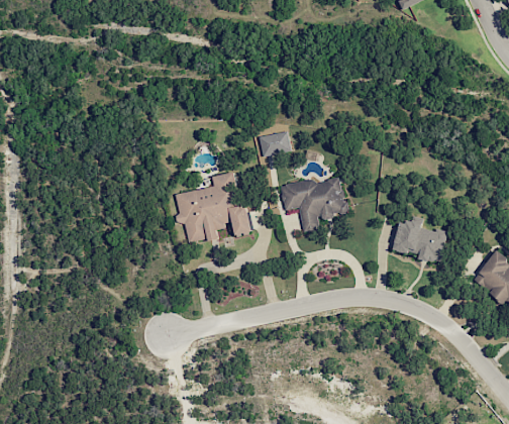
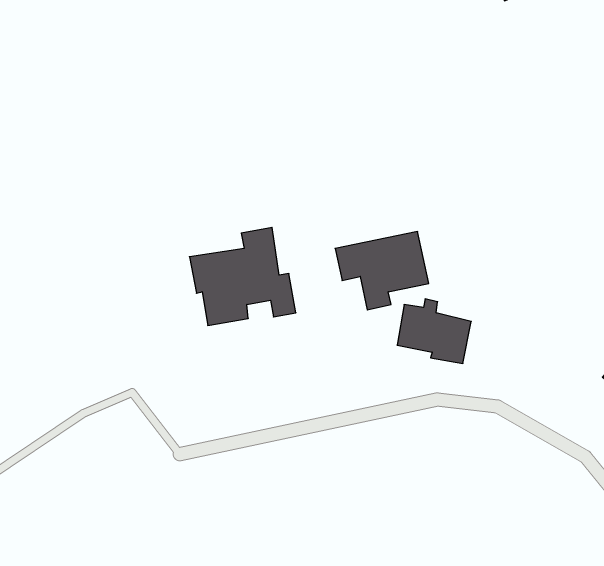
building: [259,131,291,156] -> none
building: [394,216,447,262] -> [397,299,471,363]

